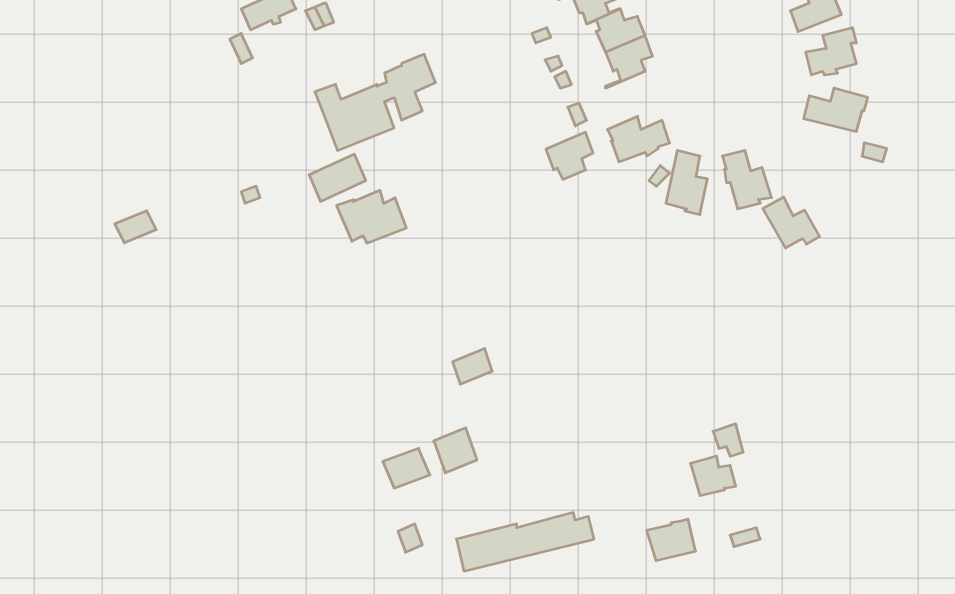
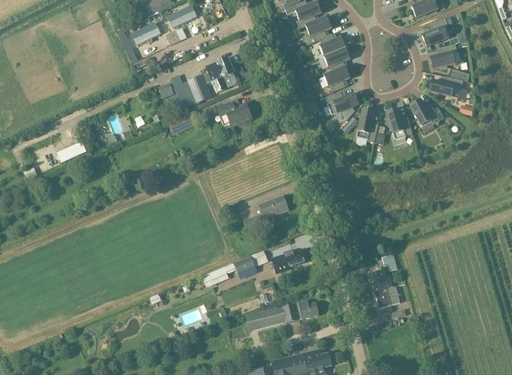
building: [546,132,593,179] -> [324,66,349,91]
building: [337,190,406,243] -> [215,98,252,126]
building: [763,197,820,248] -> [410,99,440,126]
building: none -> [259,195,288,218]
building: none -> [272,249,305,268]
building: [647,519,696,561] -> [374,285,400,307]

